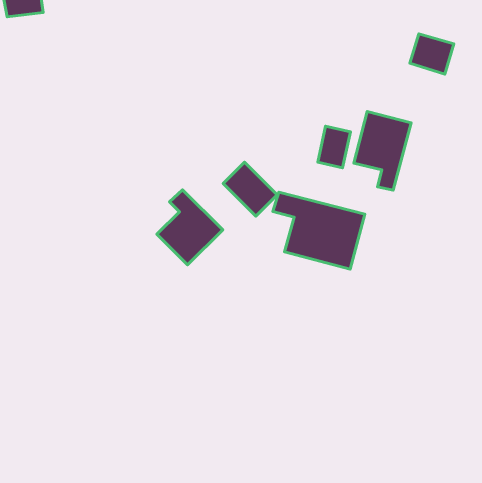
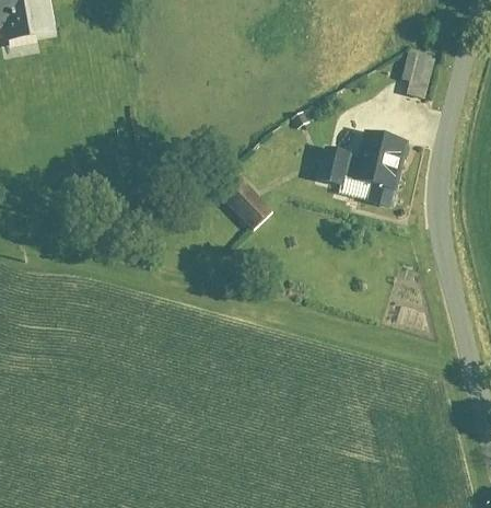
building: [157,190,223,265] -> none
building: [273,192,365,269] -> none

